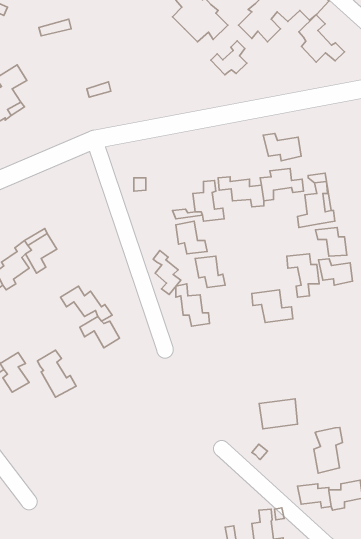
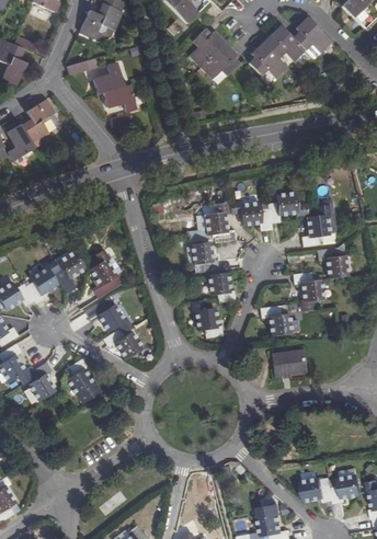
building: [299,15,344,62] -> none
building: none -> [92,64,135,112]
building: [211,41,247,75] -> none
building: [263,133,301,161] -> none
building: none -> [92,249,121,297]
building: [153,250,181,295] -> none
building: [319,259,352,285] -> none
building: [259,399,298,429] -> [271,348,306,376]
building: [314,427,342,473] -> none

